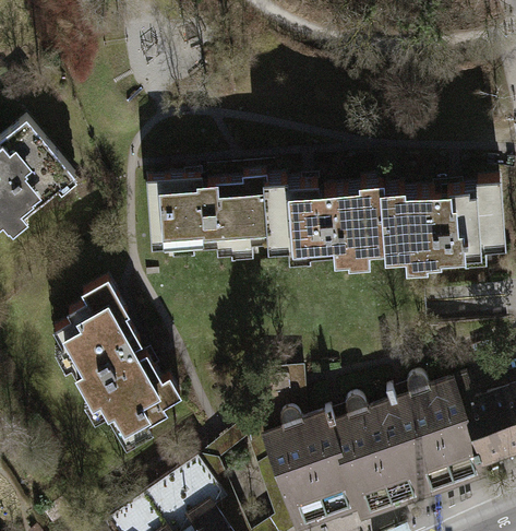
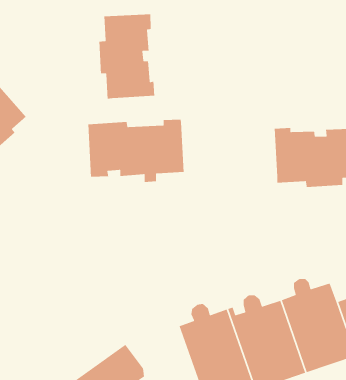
building: none -> [99,13,155,99]
building: [267,181,386,263] -> none
building: [56,284,179,451] -> none

